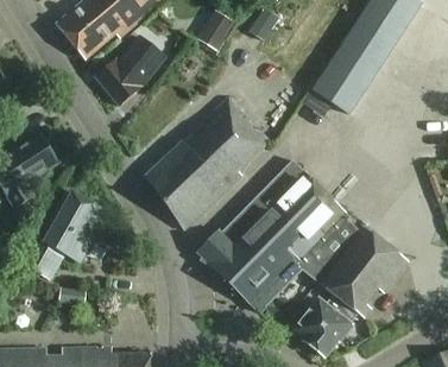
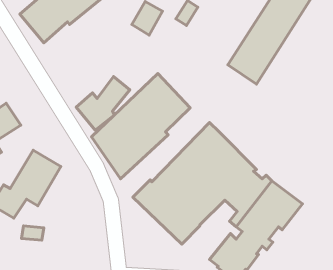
building: [96,39,163,106] -> [76,77,130,130]

